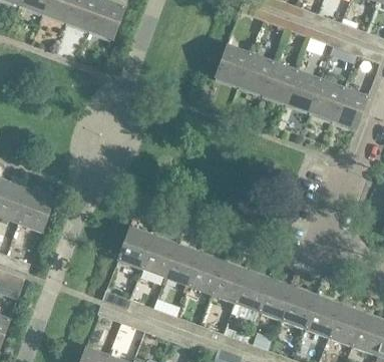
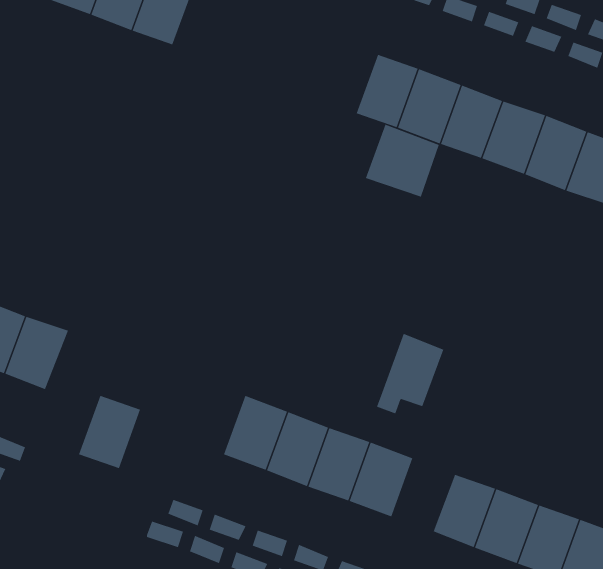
building: none -> [365,124,440,197]
building: [117,227,152,268] -> [78,395,141,469]
building: [232,270,270,315] -> [376,333,444,414]

